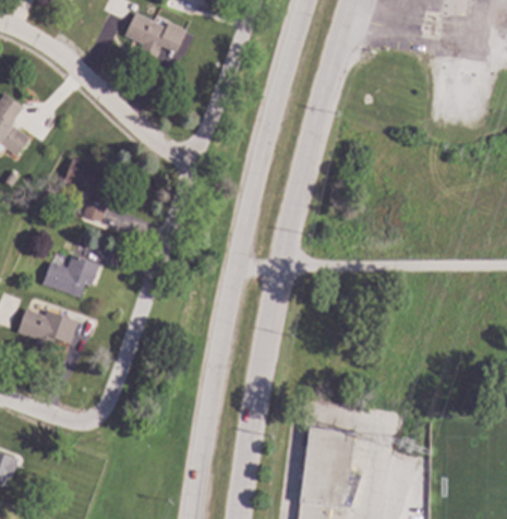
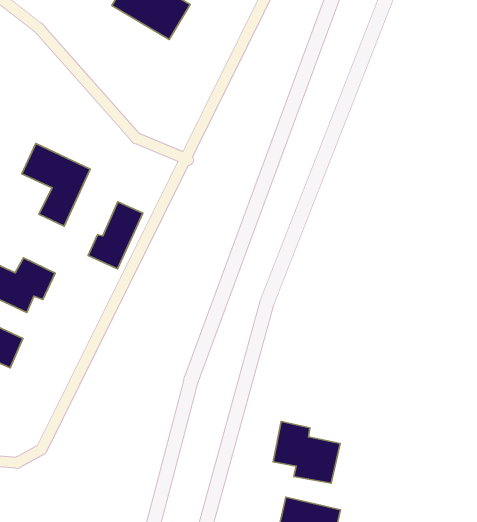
building: none -> [88,202,143,269]
building: none -> [273,421,340,483]

